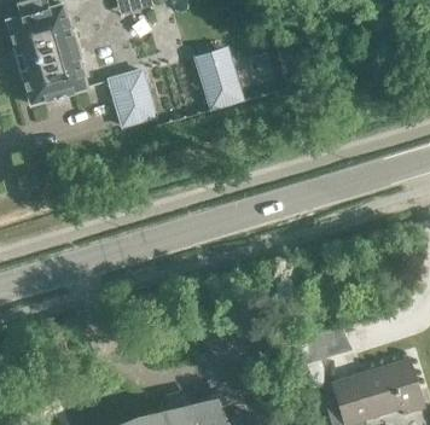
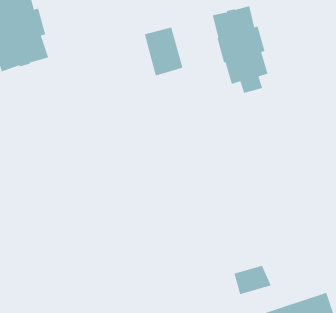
building: none -> [212,5,268,94]
building: [109,70,155,127] -> none

